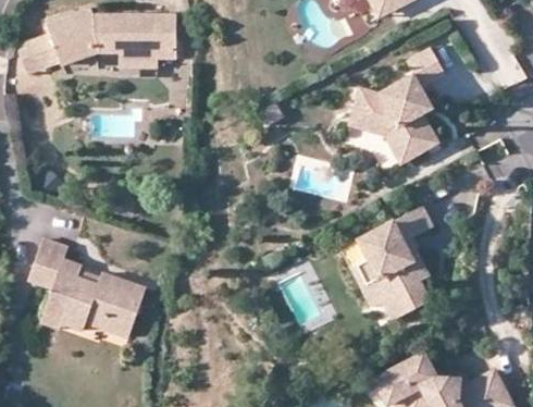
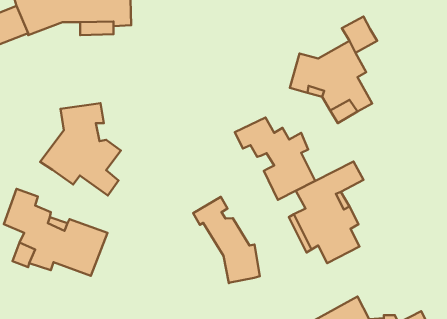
building: none -> [40,103,121,196]
building: none -> [235,117,315,200]
building: none -> [193,197,260,283]

